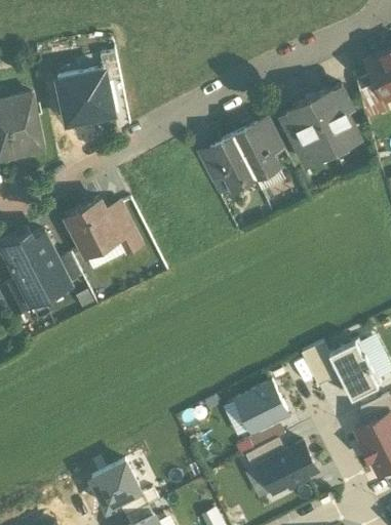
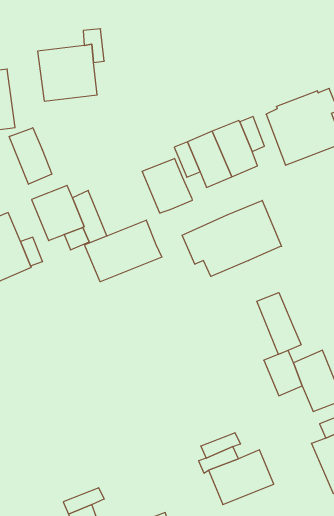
building: none -> [9,128,52,184]
building: none -> [142,158,192,213]
building: none -> [182,200,282,276]
building: none -> [84,220,162,282]
building: none -> [257,293,301,354]
building: [235,383,286,431] -> none
building: [89,461,140,509] -> none

